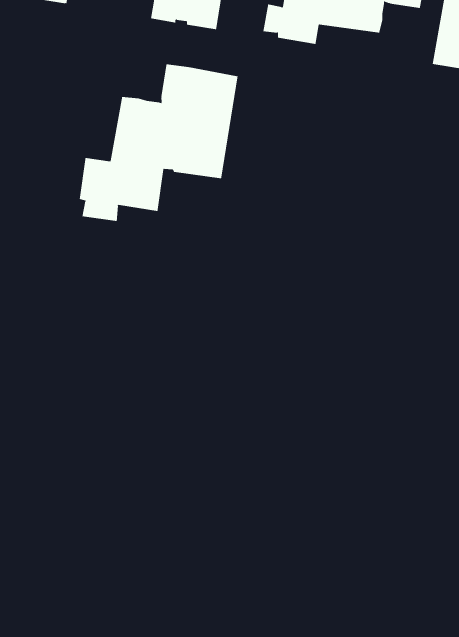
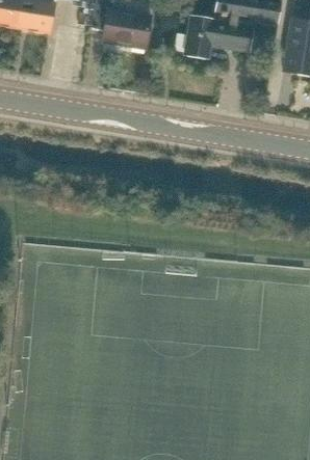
building: [79,64,238,222] -> none

